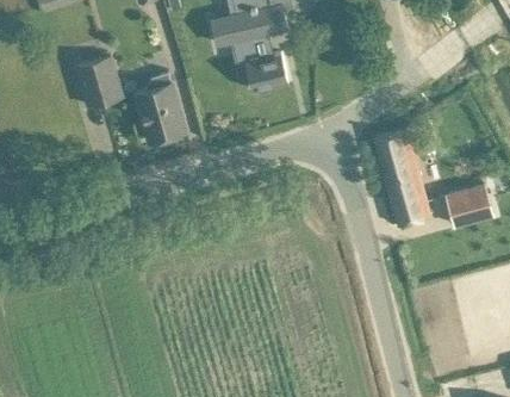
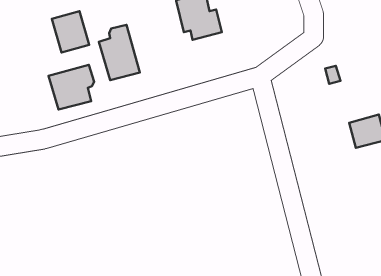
building: none -> [49,65,94,109]
building: [372,130,430,224] -> none

